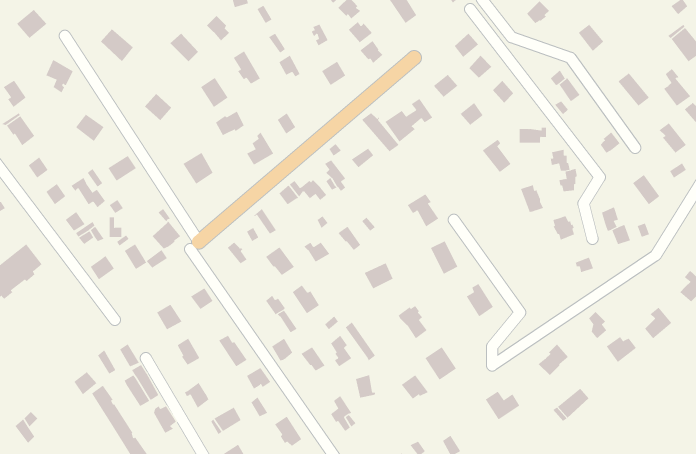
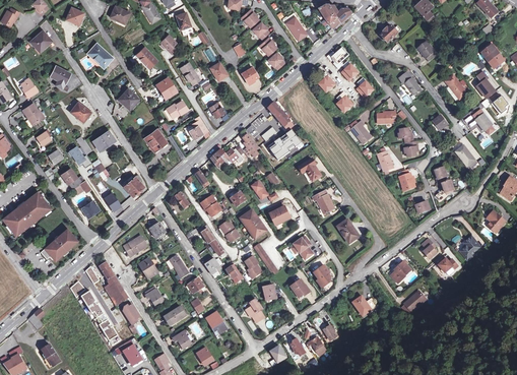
building: [384,98,433,142] -> [267,129,301,160]
building: none -> [241,208,267,237]
building: none -> [40,230,74,259]

